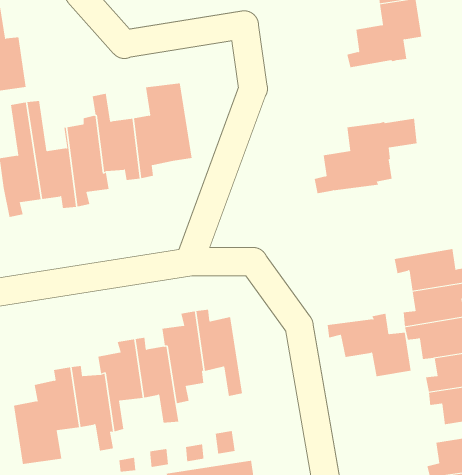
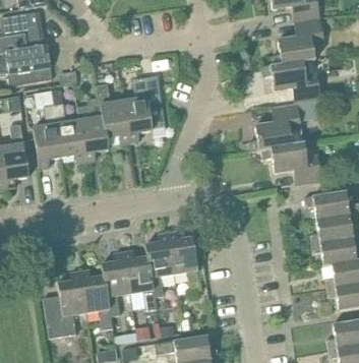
building: none -> [261,60,319,103]
building: [327,313,411,377] -> [262,141,320,185]

